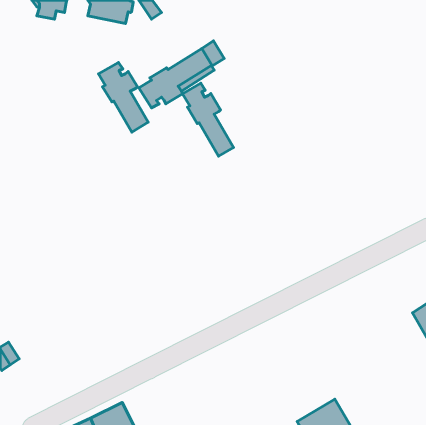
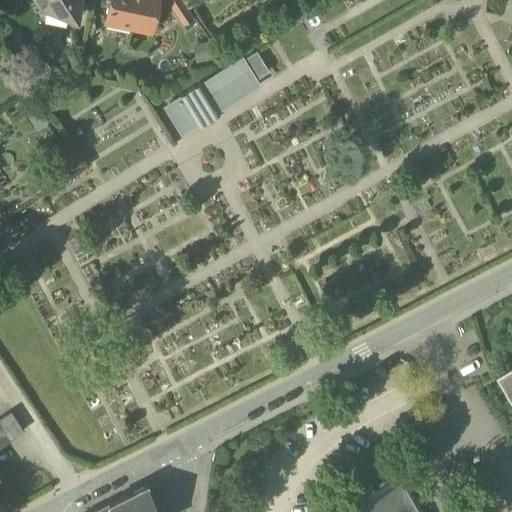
building: [98,62,148,132] -> none
building: [182,83,233,156] -> none

